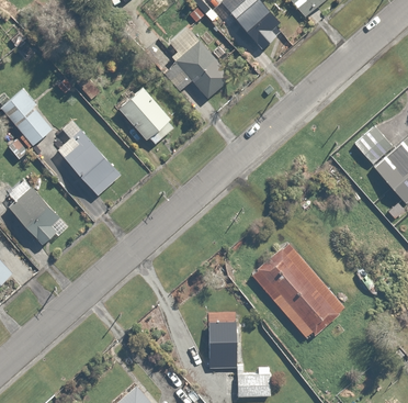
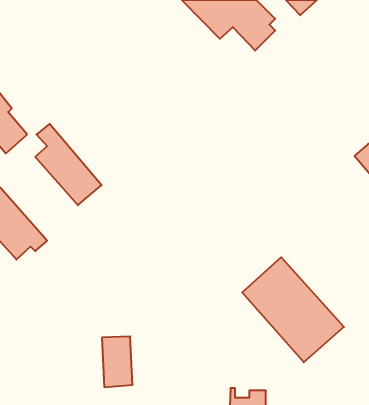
building: [162,25,233,100] -> none
building: [115,85,172,144] -> none
building: [207,321,236,368] -> [102,336,133,387]

